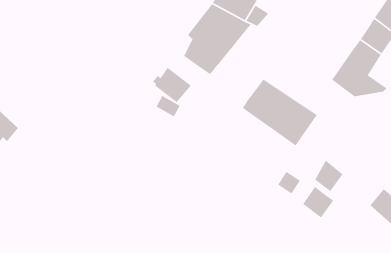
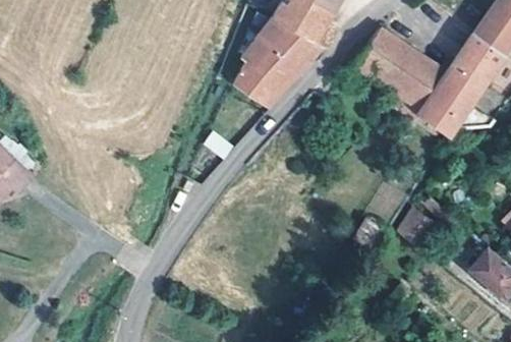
building: [152,67,192,103] -> none
building: [242,79,318,147] -> [354,27,449,112]
building: [302,186,334,219] -> none

